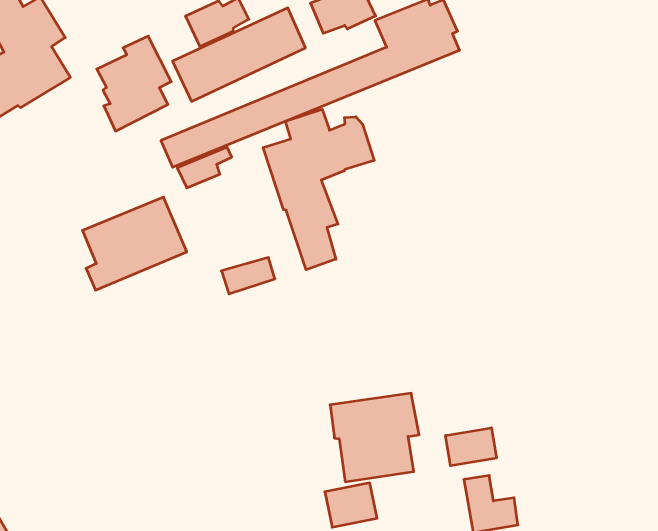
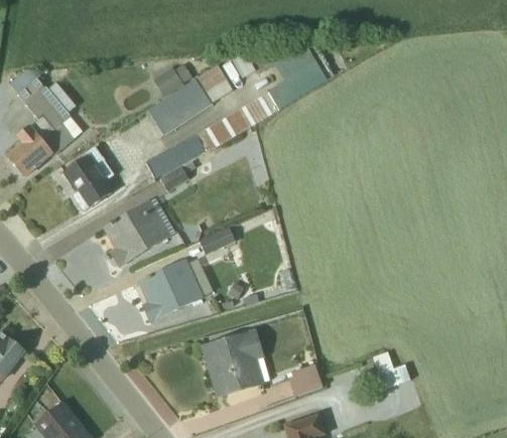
building: [97,36,171,131] -> [65,147,114,211]
building: [263,109,374,270] -> none
building: none -> [138,260,210,321]
building: [330,393,419,482] -> [203,332,263,396]
building: [446,428,496,466] -> none

